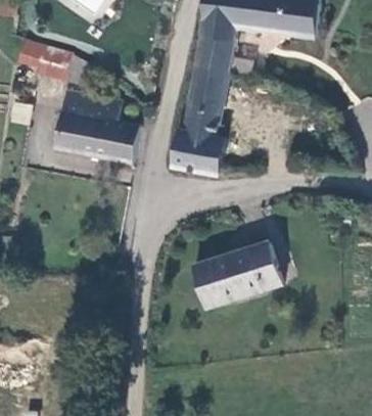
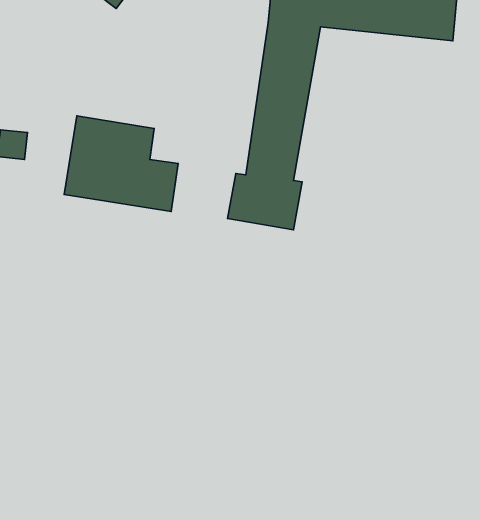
building: [28,47,80,82] -> none
building: [194,241,284,311] -> none

